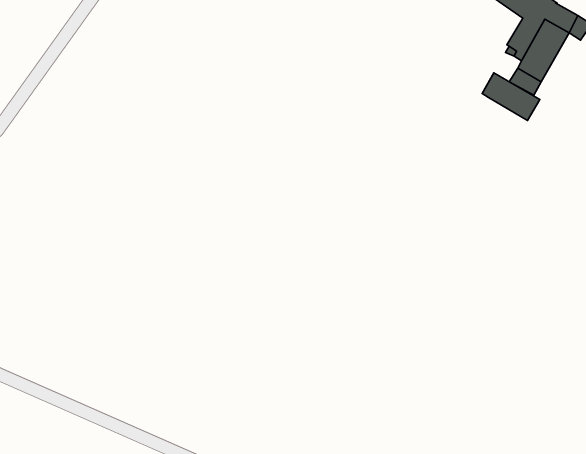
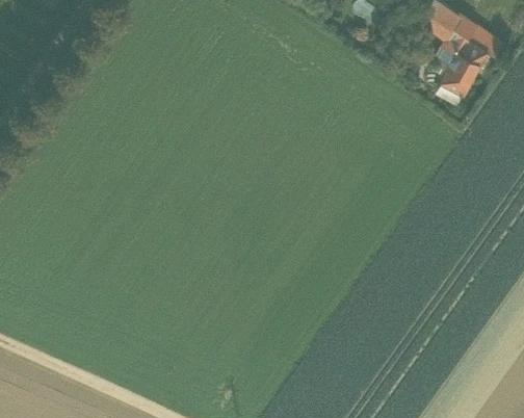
building: [482,73,540,120] -> none

